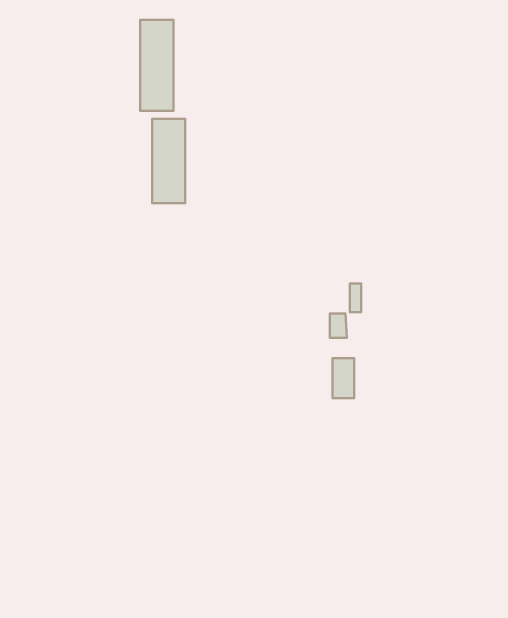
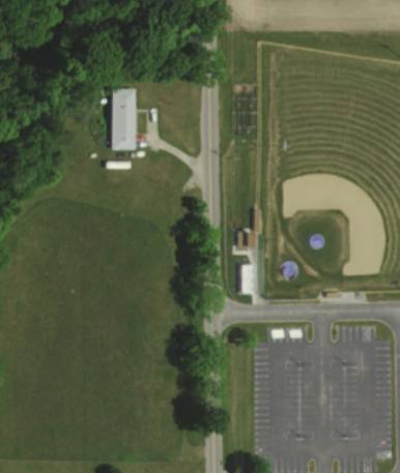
building: [140,20,174,111] -> none

